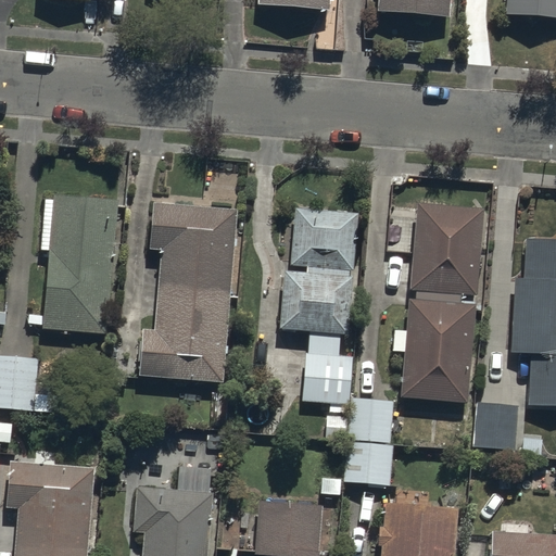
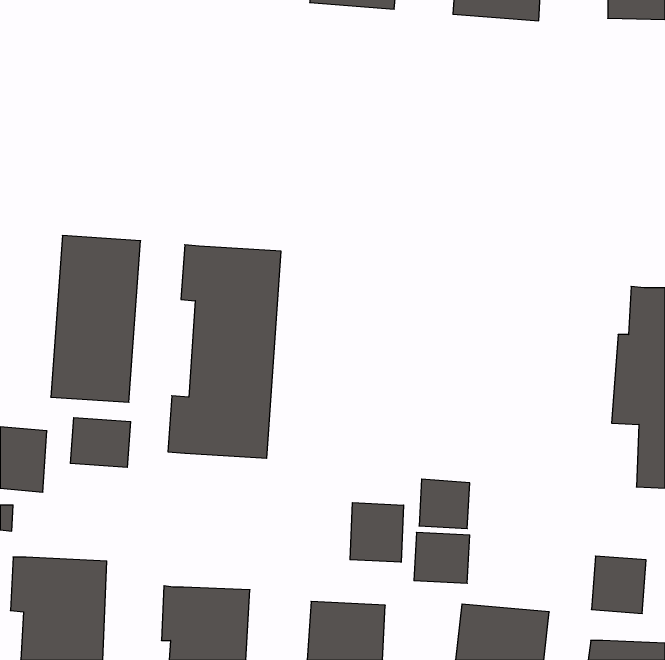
building: [402,203,481,403] -> none
building: [280,207,358,404] -> none
building: none -> [70,418,131,467]
building: [473,403,519,451] -> [591,556,646,613]
building: none -> [350,503,404,562]

